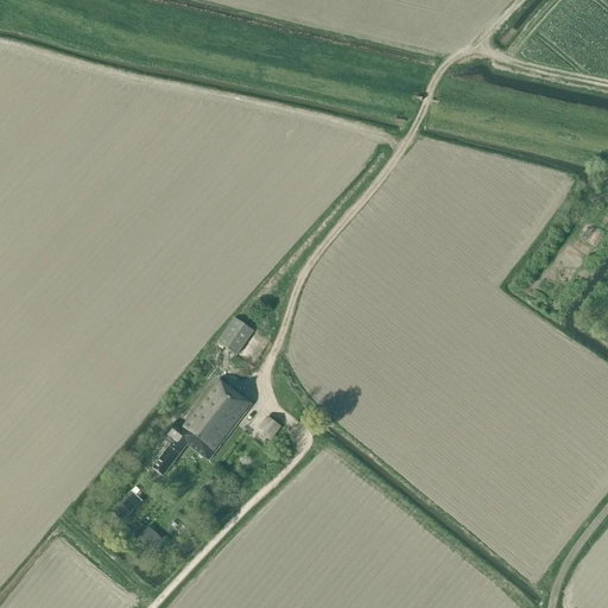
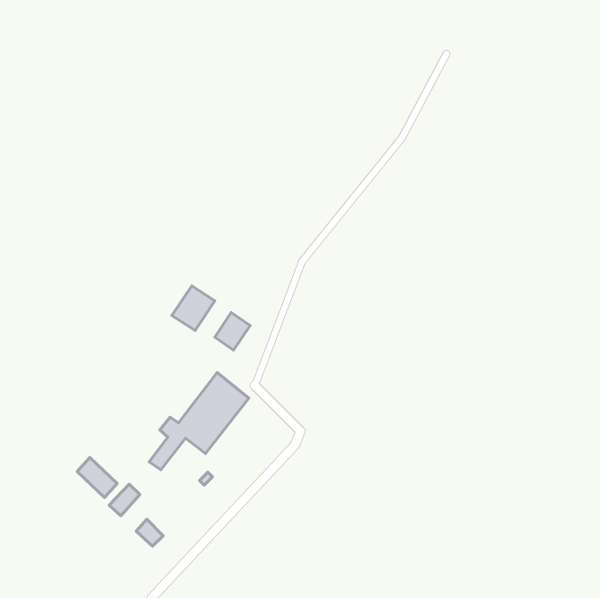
building: none -> [172,286,215,331]
building: none -> [77,458,117,497]

